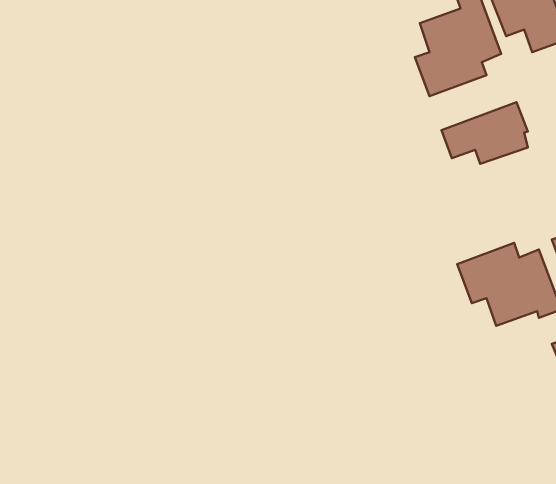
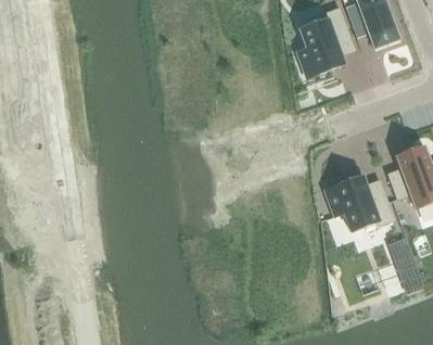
building: [442,102,528,164] -> none

